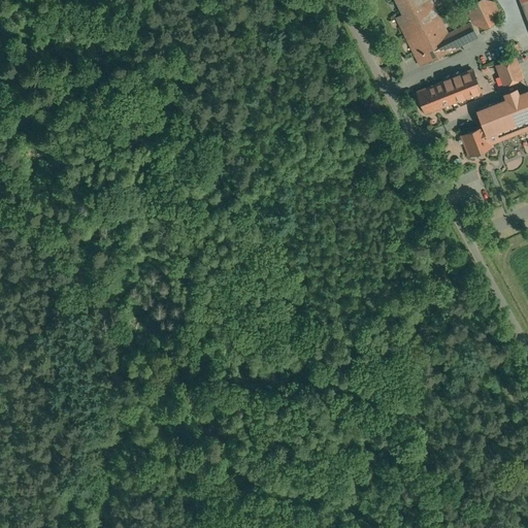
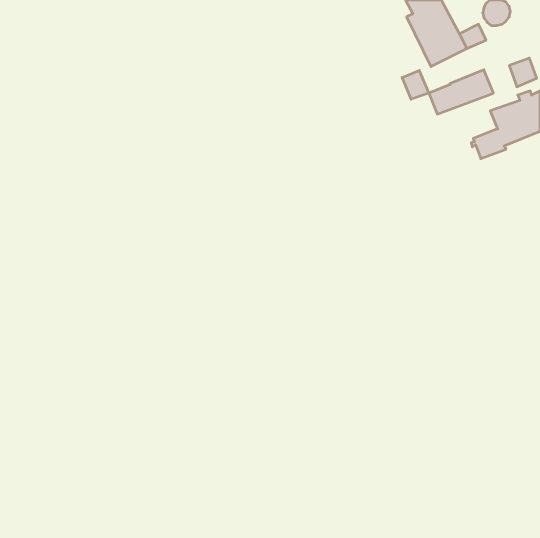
building: none -> [402,70,429,99]

